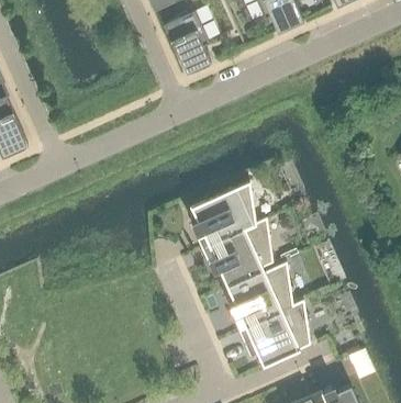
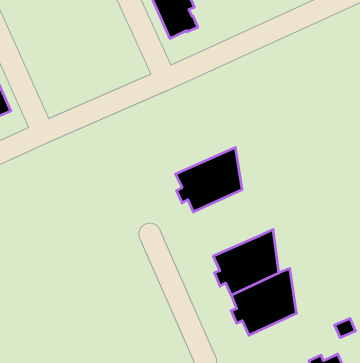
building: [208,217,272,288] -> none

